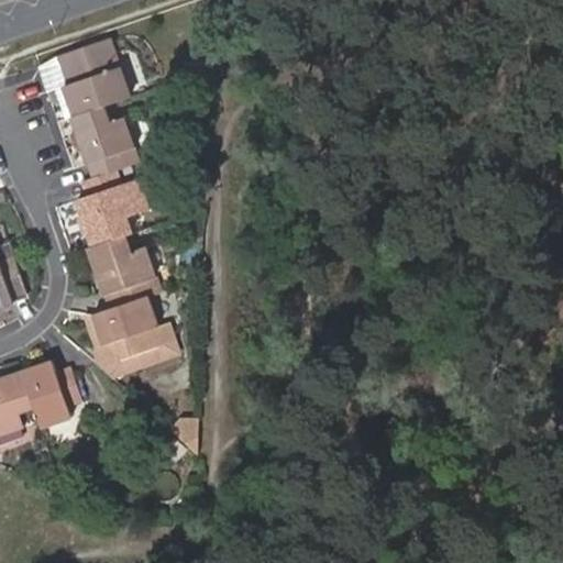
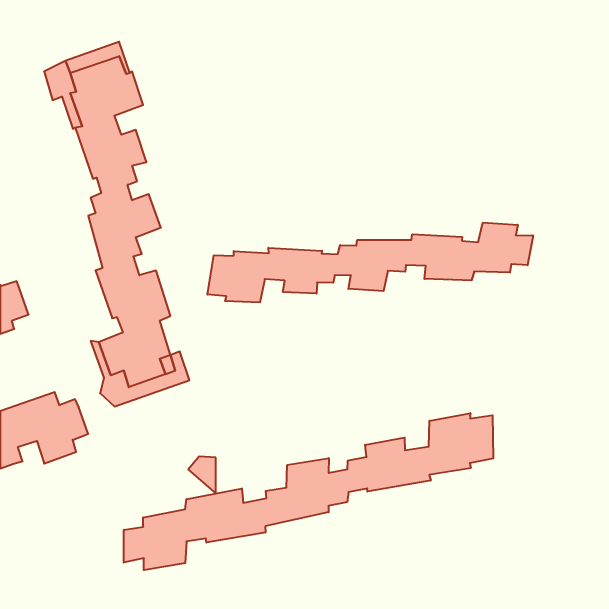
building: none -> [207,223,533,302]
building: none -> [124,413,493,570]

